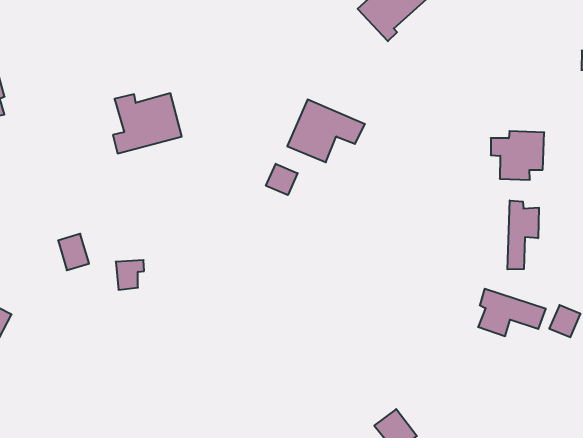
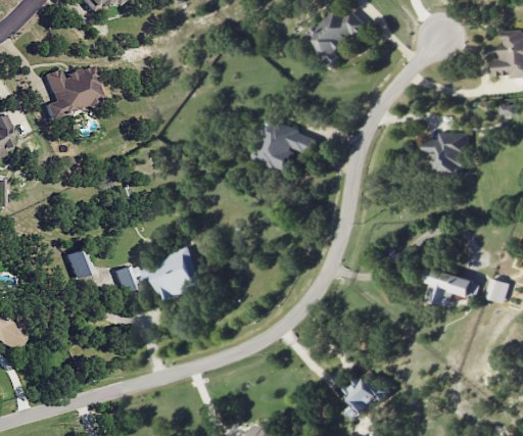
building: [113,93,182,153] -> [42,65,101,119]
building: [266,164,298,195] -> none
building: [507,200,539,269] -> none
building: none -> [150,255,200,300]

